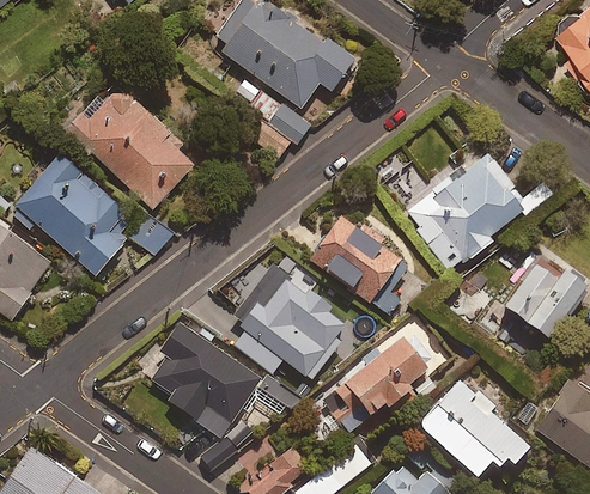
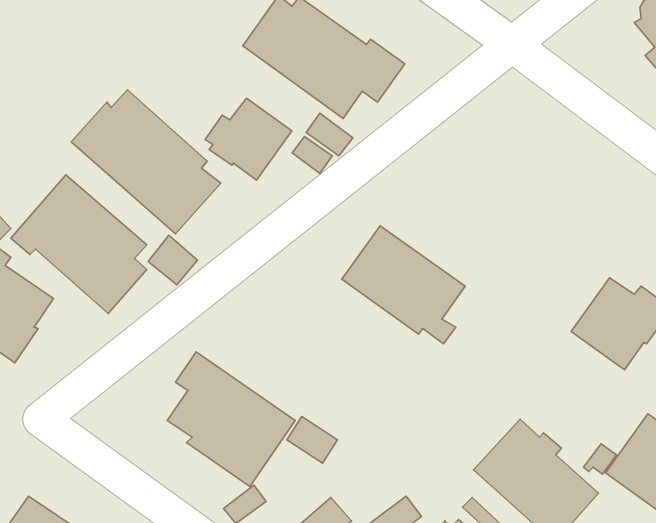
building: none -> [205,98,292,180]
building: [405,148,527,261] -> none
building: [230,260,343,378] -> none
building: [320,330,428,432] -> none

